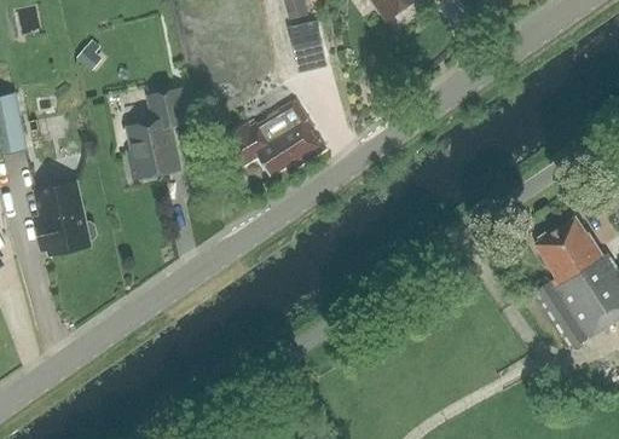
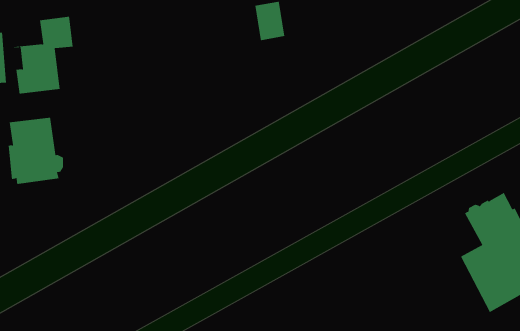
building: [122,85,187,174] -> [13,16,74,94]
building: [226,97,326,173] -> none

